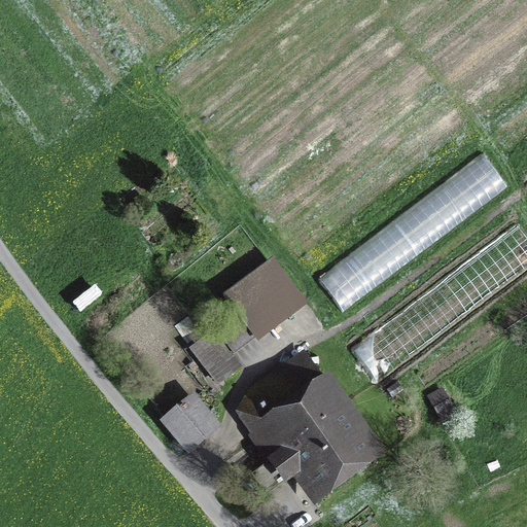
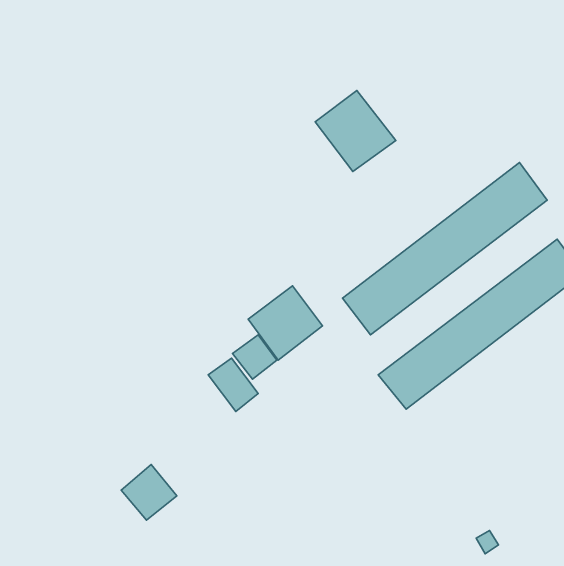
building: none -> [315,90,396,171]
building: [243,354,374,491] -> none
building: [169,396,220,448] -> [121,465,177,520]

